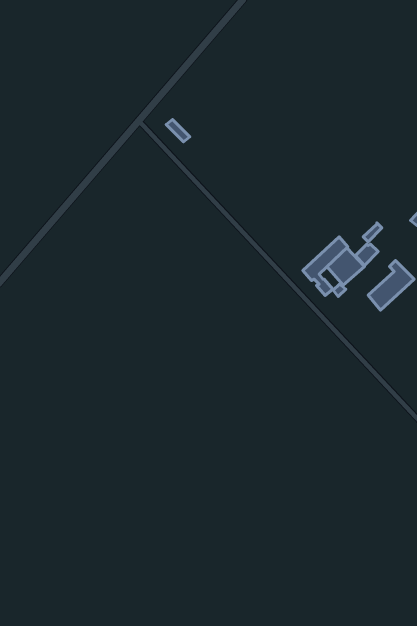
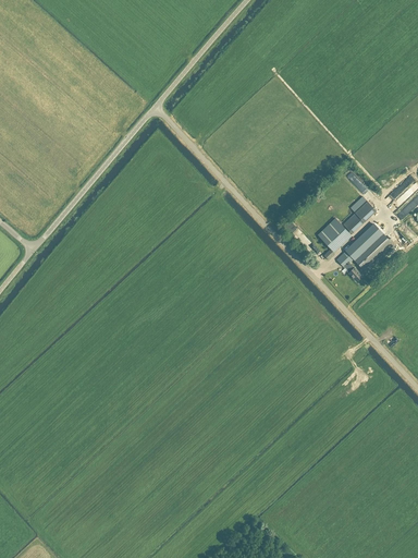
building: [303,237,348,295] -> [336,229,376,280]

